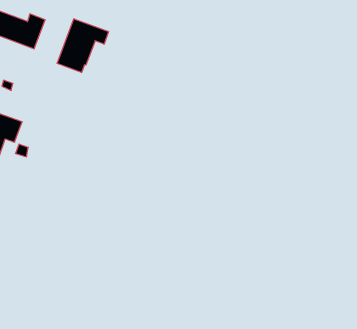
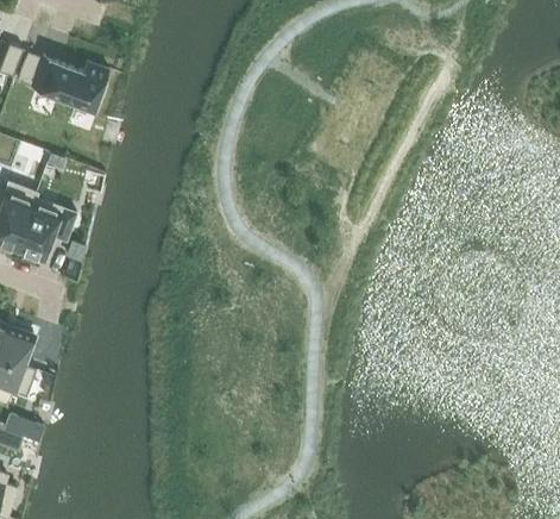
building: [57,19,109,73] -> none

